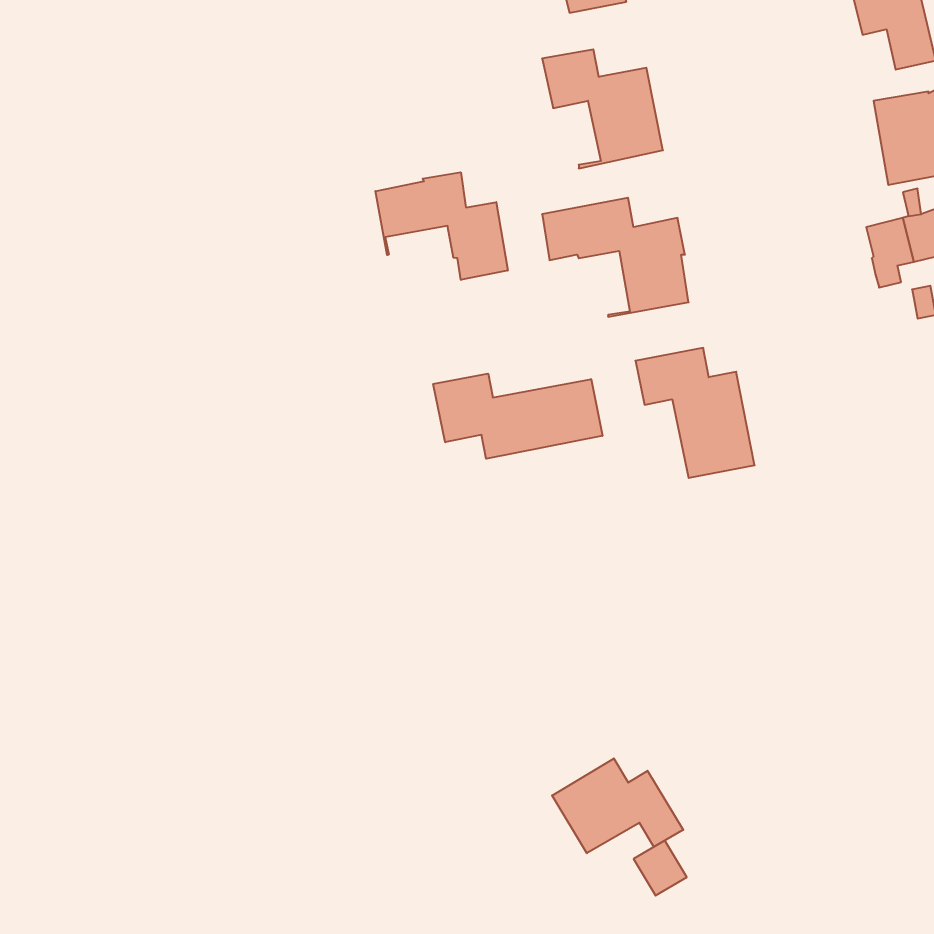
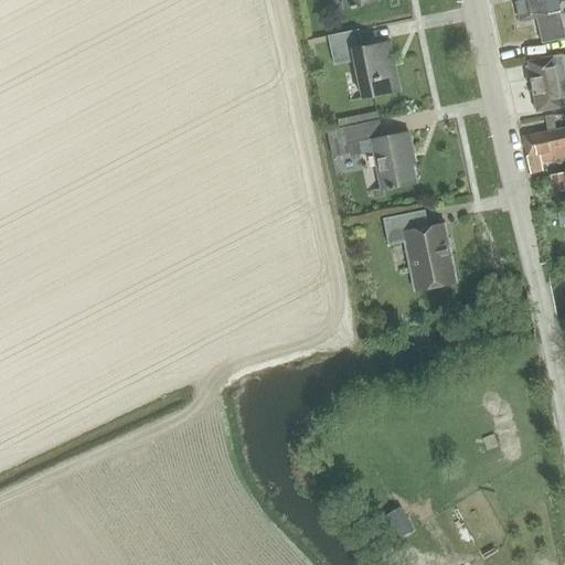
building: [375,172,508,280] -> none
building: [433,374,602,459] -> none
building: [552,758,683,853] -> none

